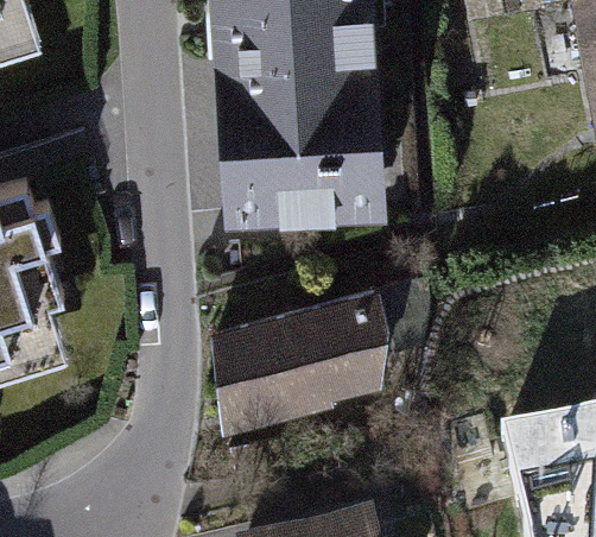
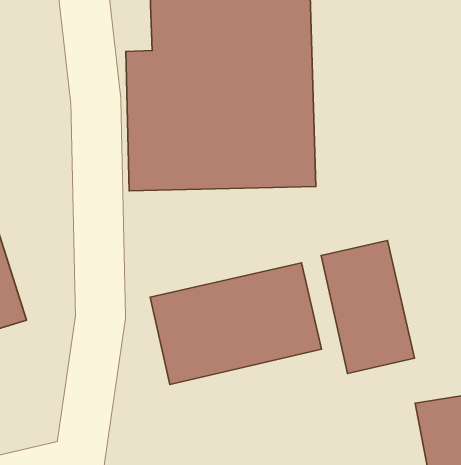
building: none -> [321,240,414,373]

